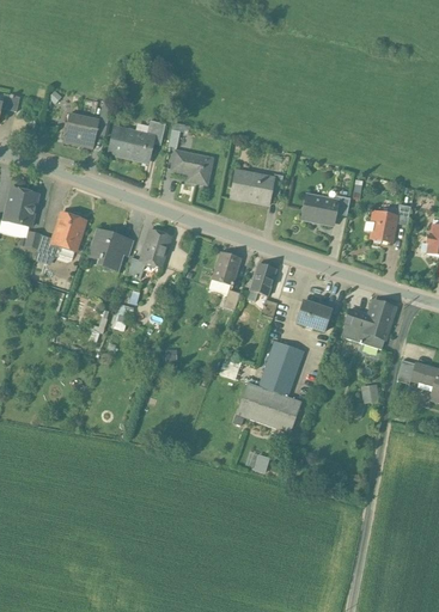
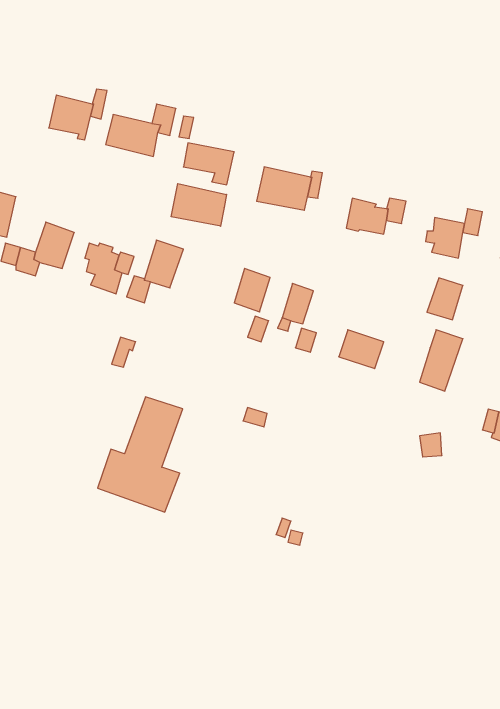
building: none -> [171,184,227,226]
building: [340,307,368,341] -> [427,278,463,320]
building: [236,339,304,432] -> [98,397,183,512]

